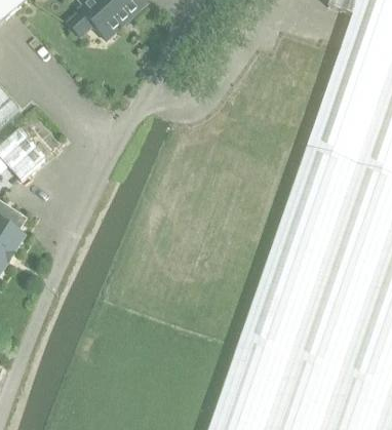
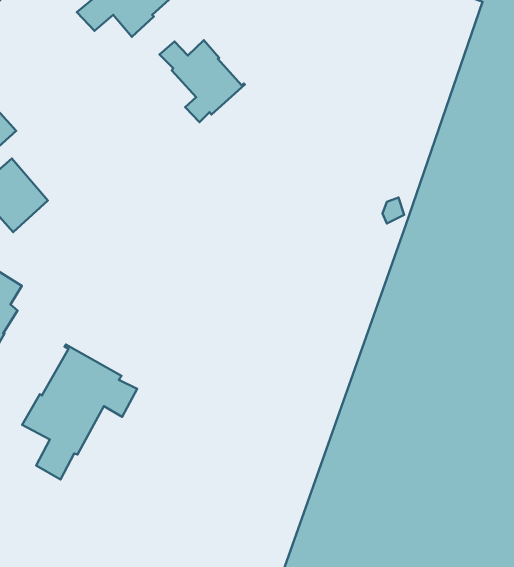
building: none -> [160,40,245,122]
building: none -> [22,344,137,480]

